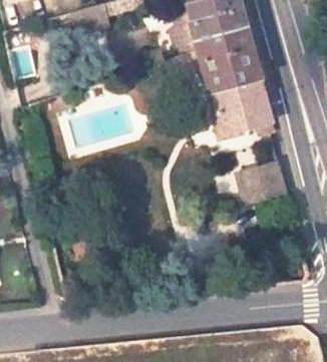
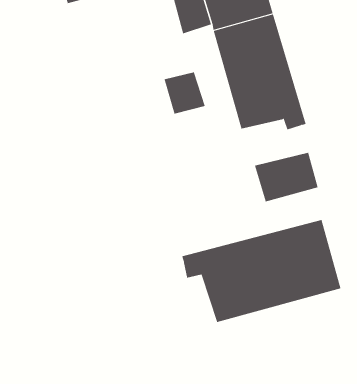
building: none -> [164,72,205,115]
building: none -> [181,219,341,323]

